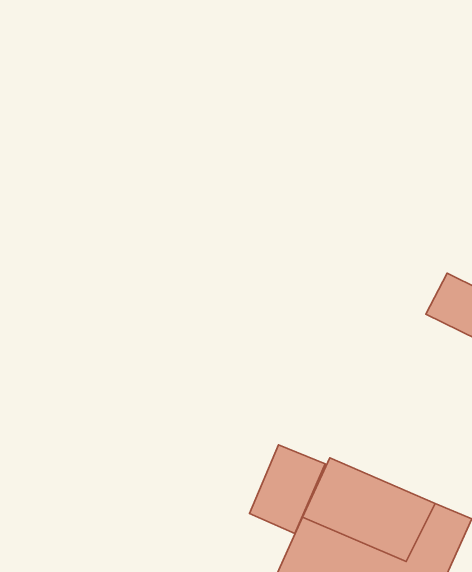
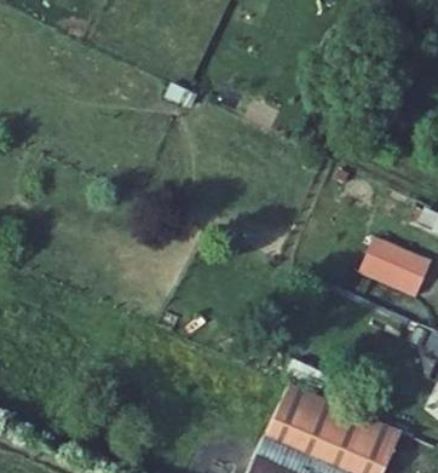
building: [249,445,325,534] -> none

